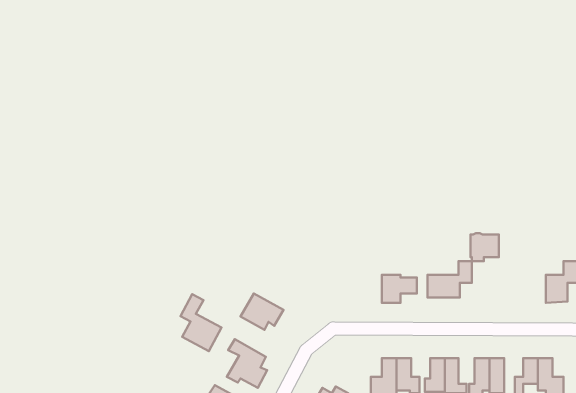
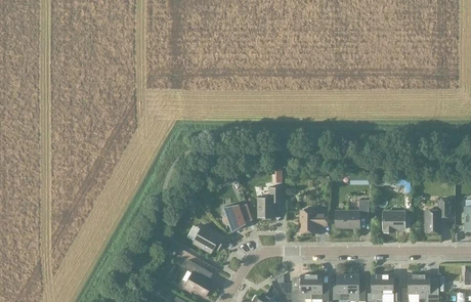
building: [471,233,499,261] -> [383,211,404,232]
building: none -> [257,187,282,218]
building: none -> [222,204,252,232]
building: [180,294,222,351] -> none

